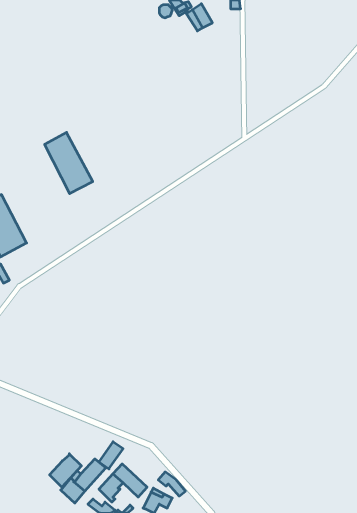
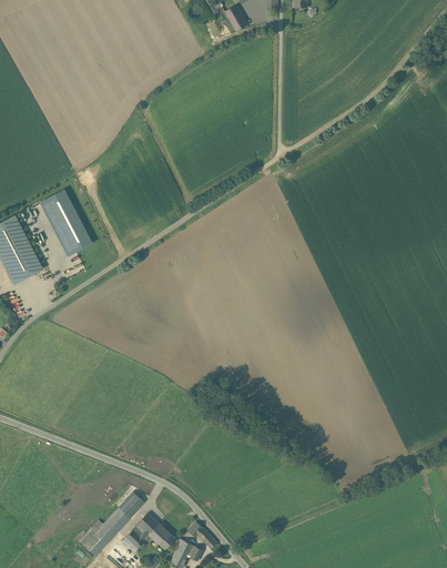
building: [45,132,93,194] -> [39,189,92,256]
building: [50,454,81,487] -> none

